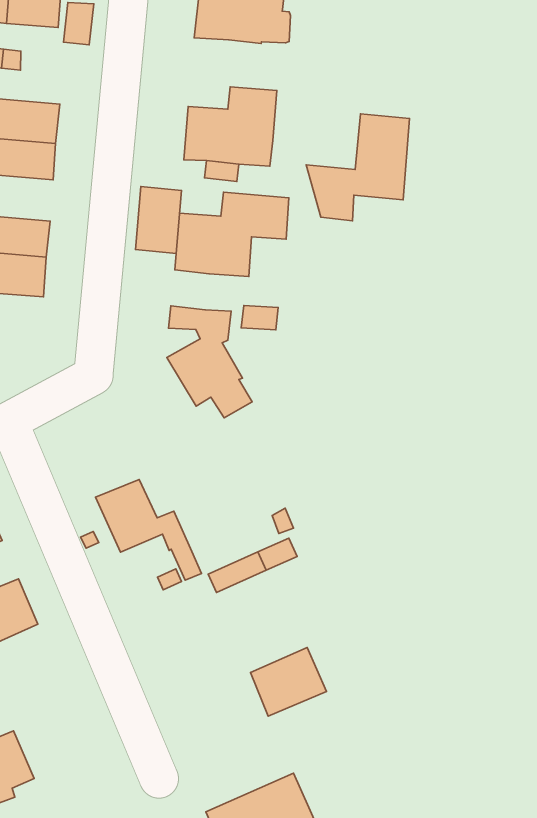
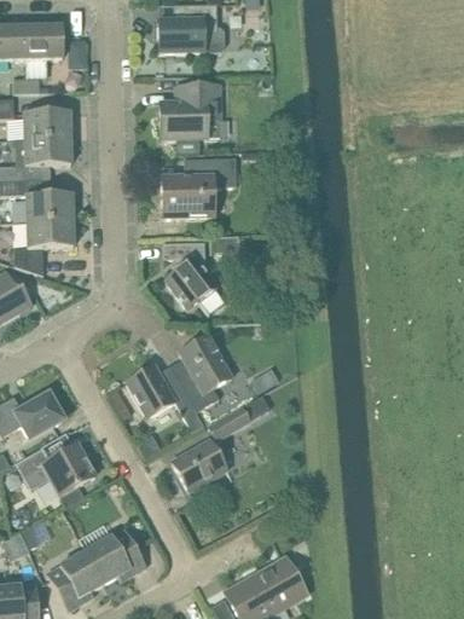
building: [306,114,409,221] -> none
building: [136,186,181,253] -> none
building: none -> [179,335,232,411]
building: [251,648,327,716] -> [173,439,227,490]
building: none -> [87,528,138,582]

